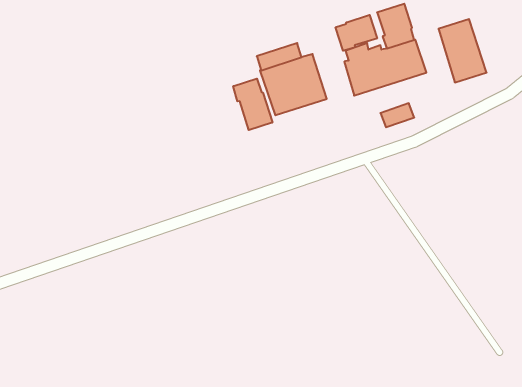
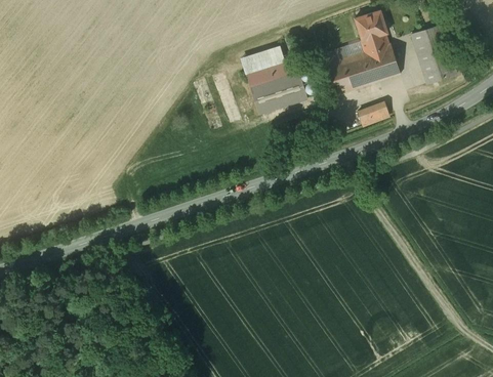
building: [336,15,377,51] -> none
building: [233,79,272,130] -> none

